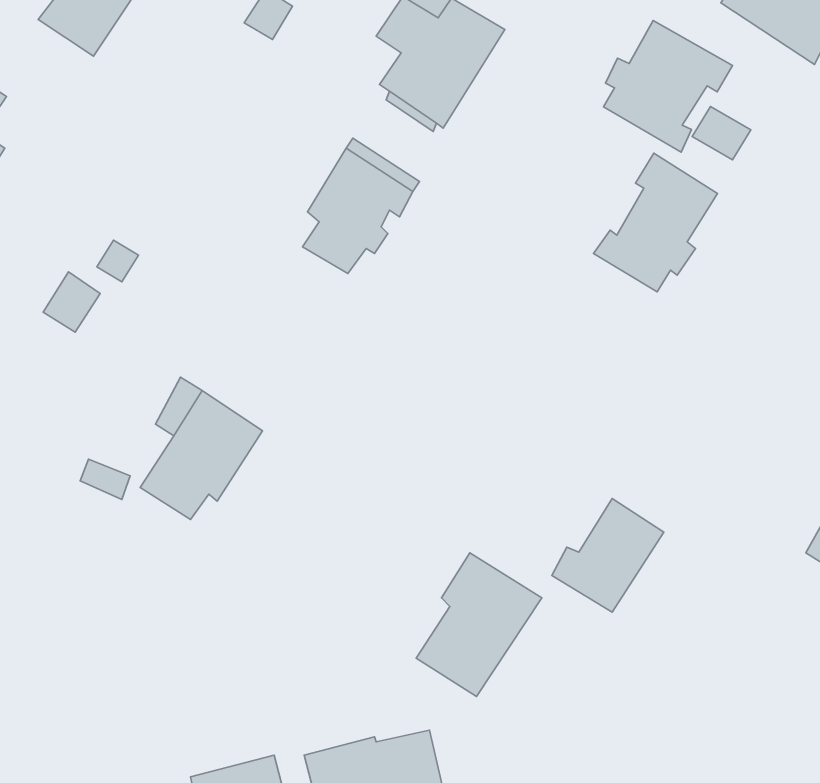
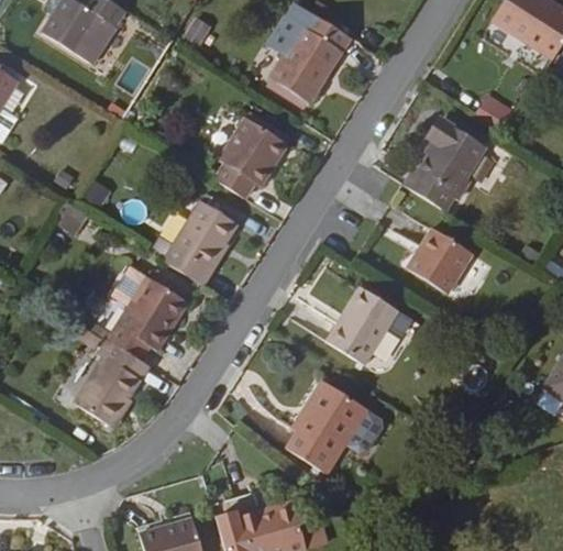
building: [604,21,732,152] -> none
building: none -> [165,200,238,286]
building: none -> [409,230,476,294]
building: none -> [75,340,150,427]
building: [552,499,664,612] -> [329,291,402,366]

